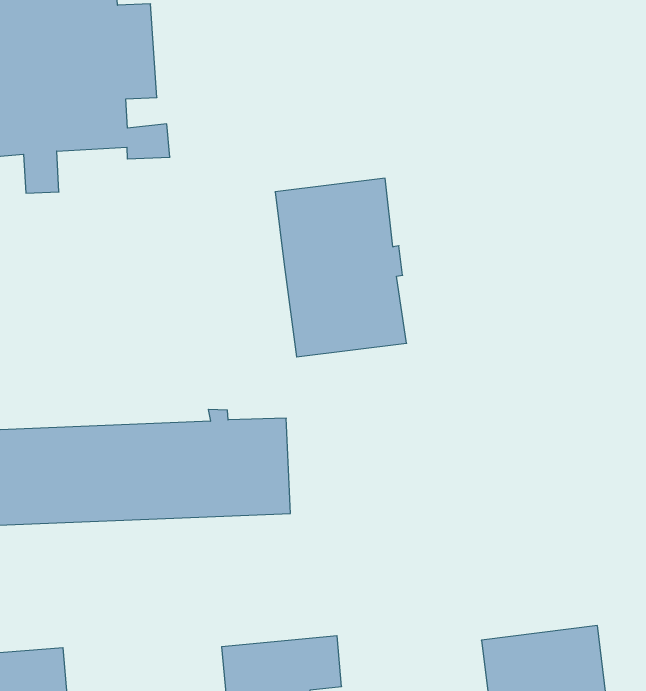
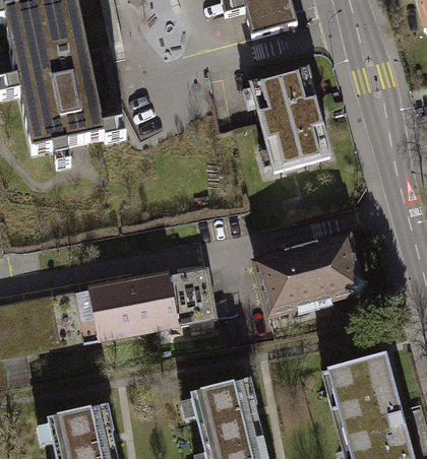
building: [275,178,407,357] -> [250,68,330,169]
building: none -> [255,235,367,313]

